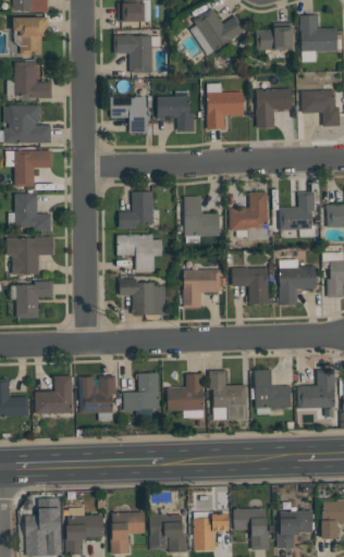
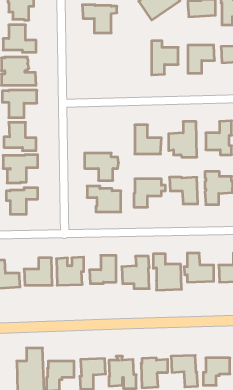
building: [110,97,148,133] -> none
building: [157,97,194,132] -> none
building: [119,191,152,230] -> none

